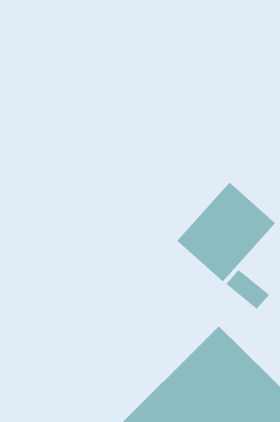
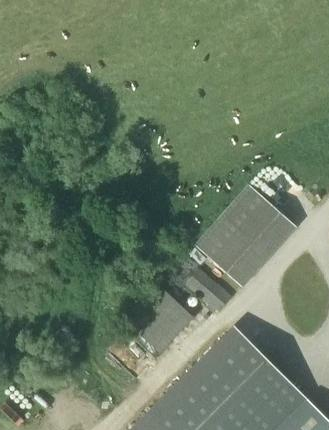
building: [225,269,270,309] -> [187,270,232,311]
building: none -> [130,288,194,354]

